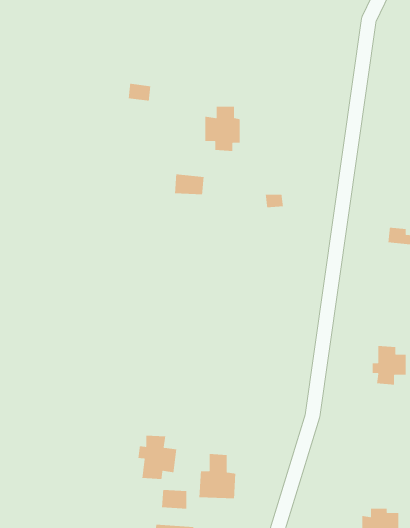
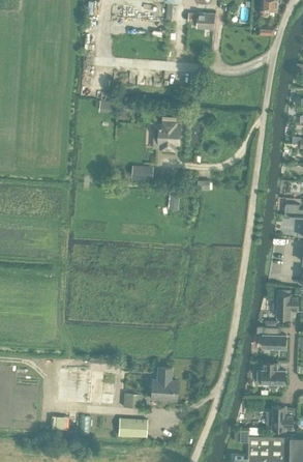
building: none -> [263,327,285,352]
building: [138,435,177,480] -> none
building: none -> [256,363,284,387]

